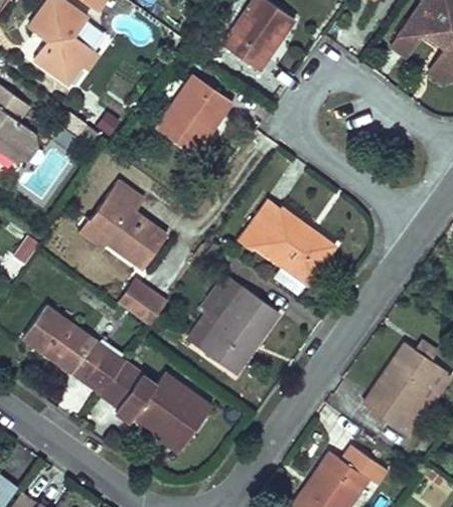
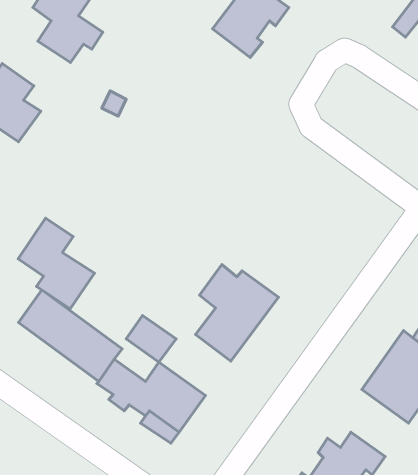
building: [154,77,231,157] -> none
building: [91,181,166,271] -> [18,218,94,309]
building: [252,198,334,282] -> none
building: [120,279,169,325] -> [126,315,176,362]

